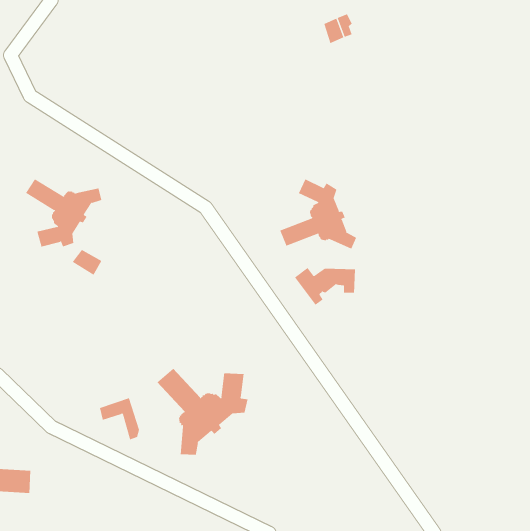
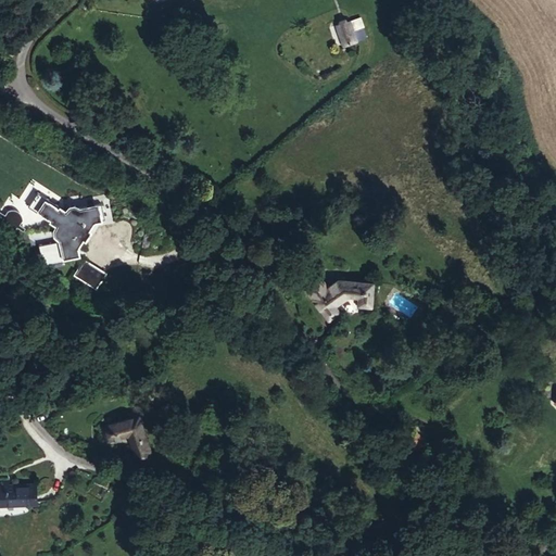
building: [280,178,357,249] -> none
building: [157,368,248,455] -> none

